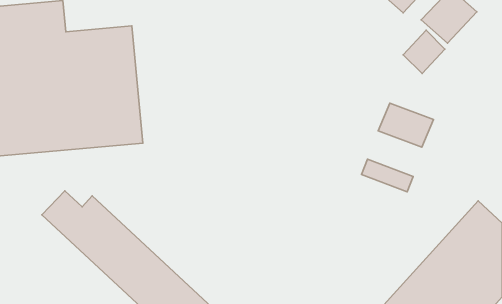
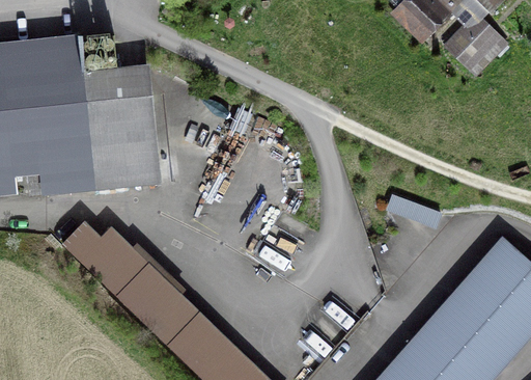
building: [403,30,445,74] -> none
building: [378,103,433,147] -> none

